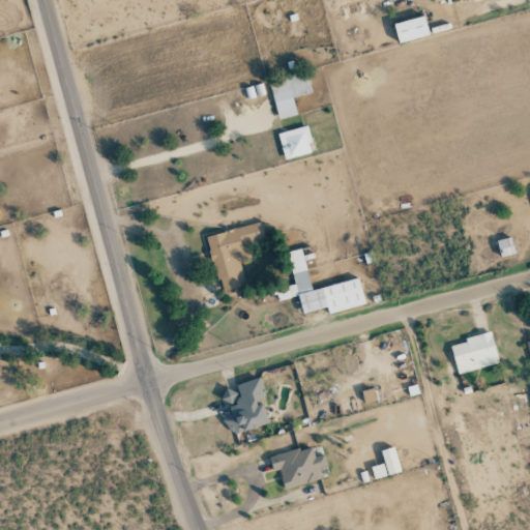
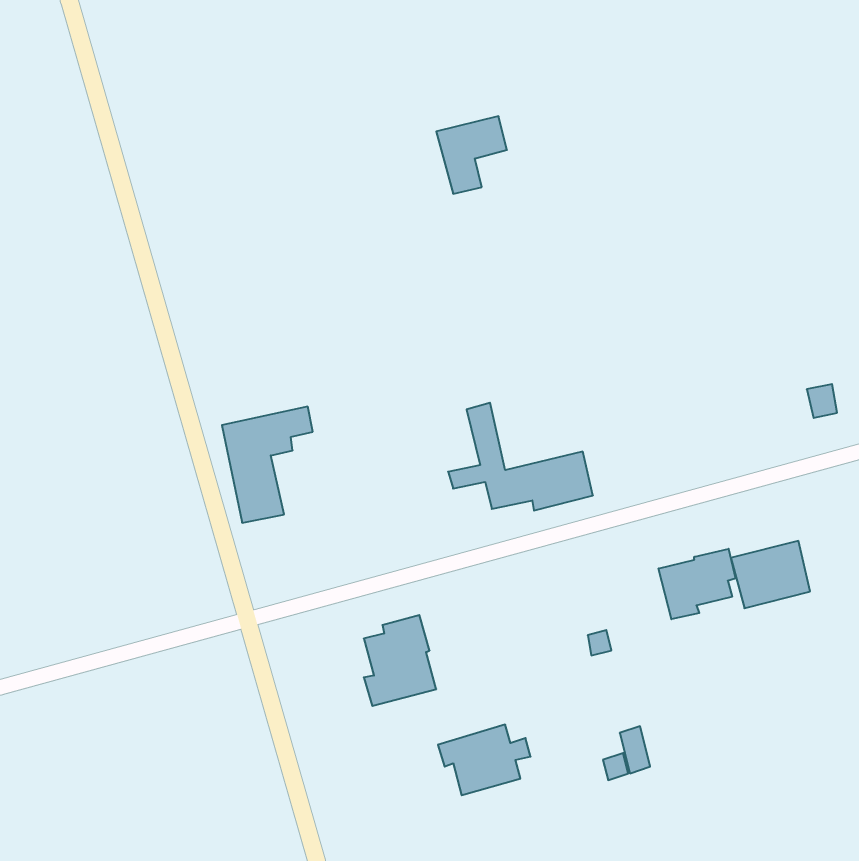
building: [393,16,430,43] -> none
building: [277,125,314,159] -> none
building: [208,223,264,294] -> [222,407,313,523]
building: none -> [659,549,736,619]

